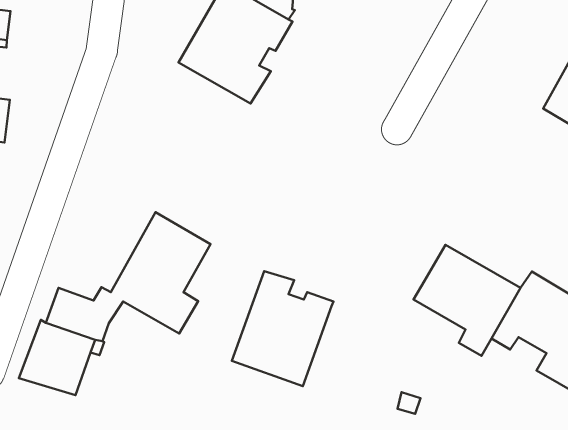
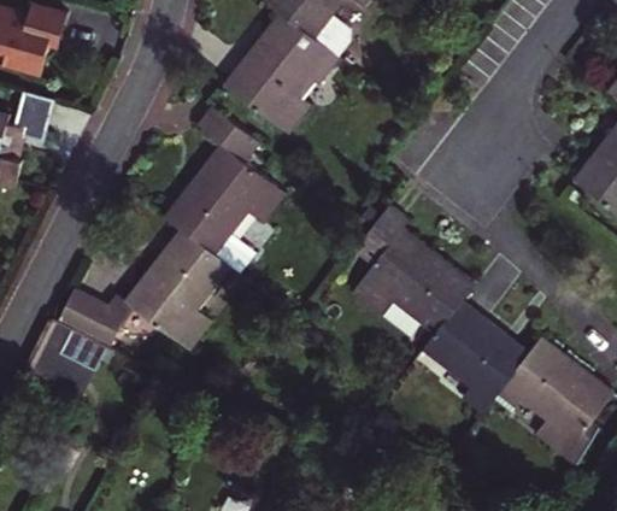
building: none -> [164,107,286,271]
building: none -> [351,207,474,331]
building: [232,271,333,386] -> none

